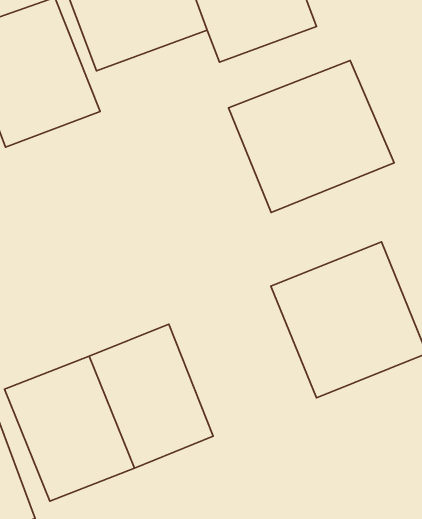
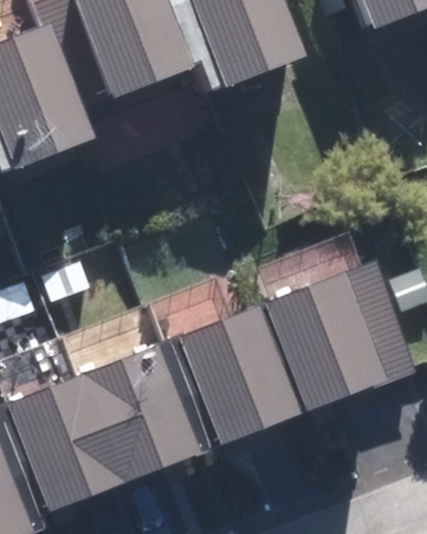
building: [228,61,394,213] -> none
building: none -> [177,304,306,448]

